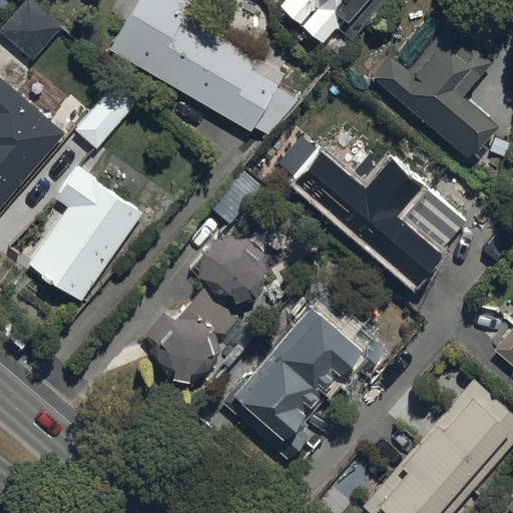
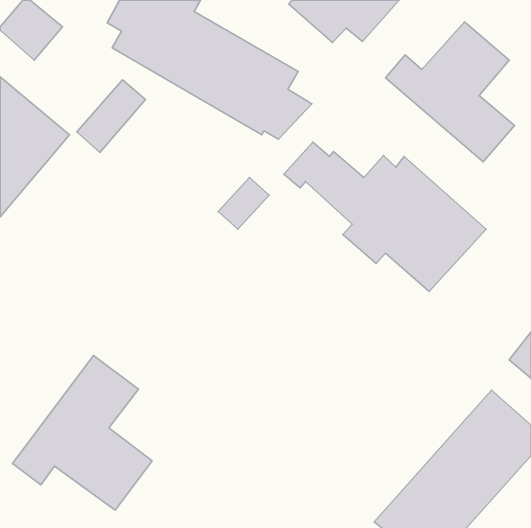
building: [27,165,143,301] -> none
building: [144,235,266,383] -> none
building: [219,291,385,462] -> none
building: none -> [12,356,152,510]

